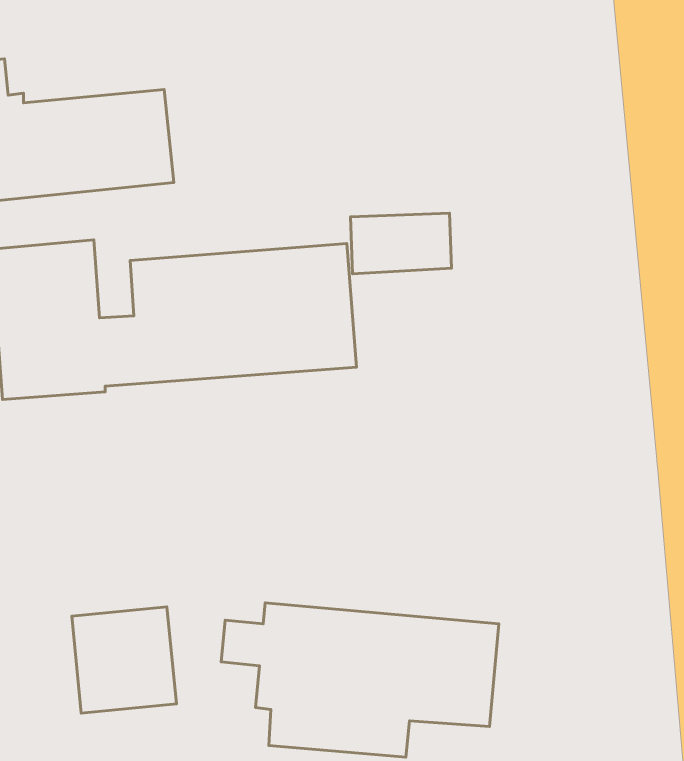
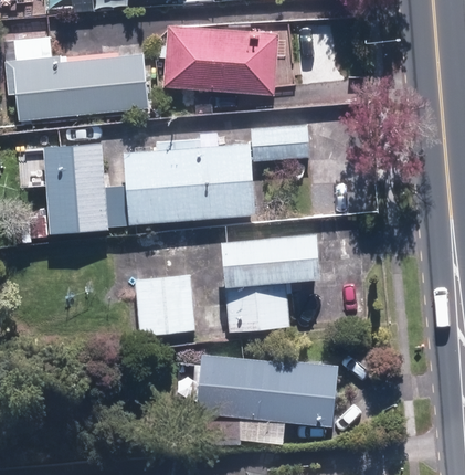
building: none -> [162,25,278,96]
building: none -> [220,234,319,331]
building: [72,607,176,713] -> [134,274,194,336]

